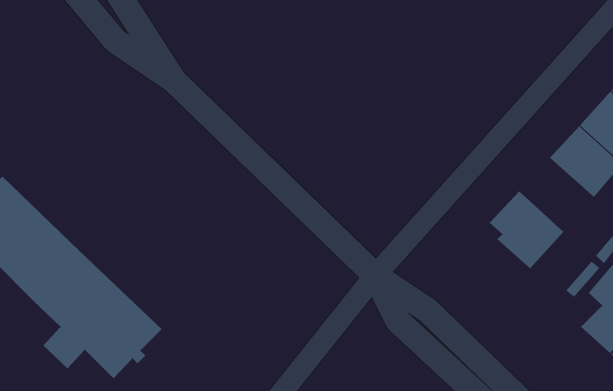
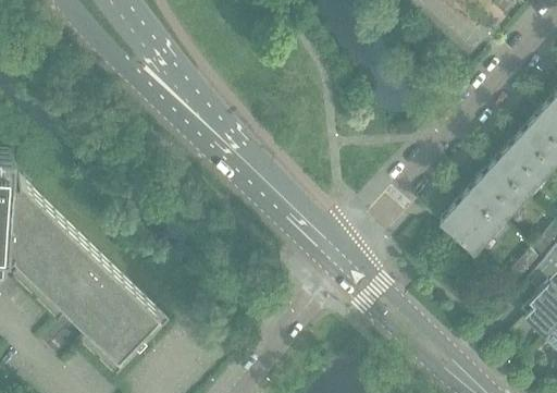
building: none -> [468,165,533,230]

